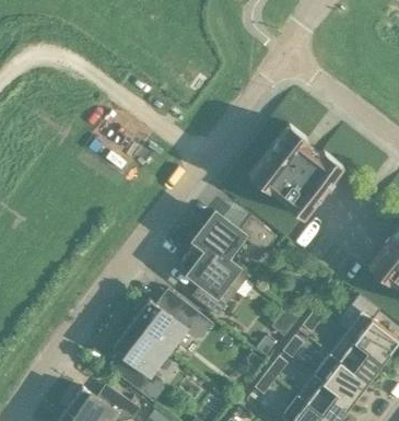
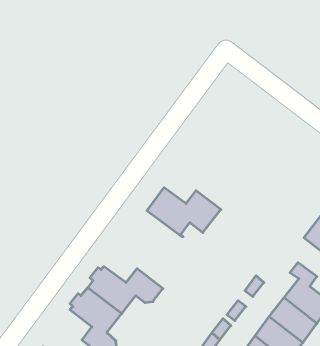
building: [247,124,341,218] -> none
building: [178,238,246,316] -> none

